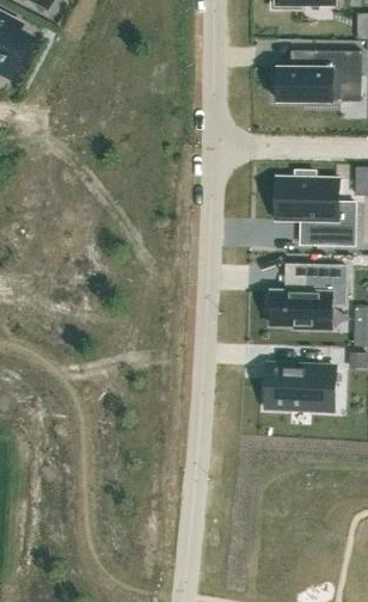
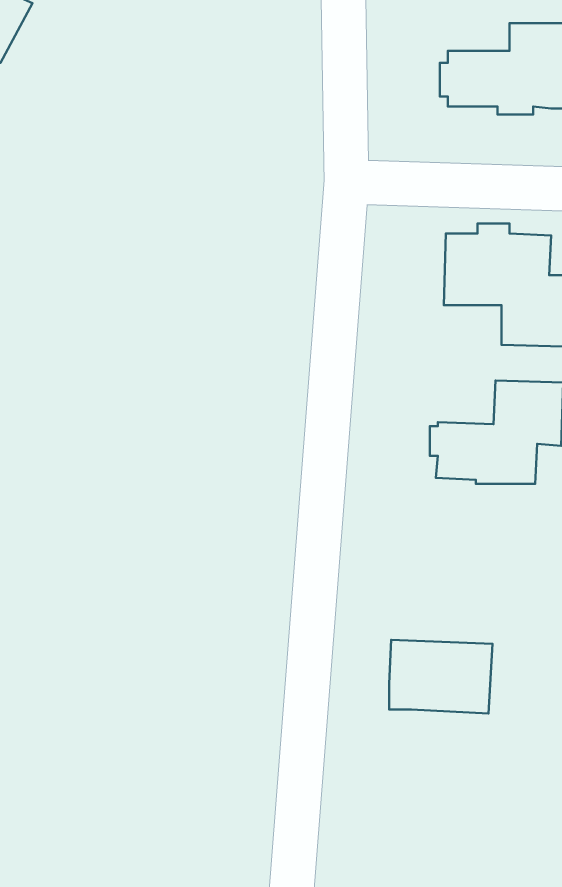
building: [266,364,329,408] -> [389,640,493,713]

